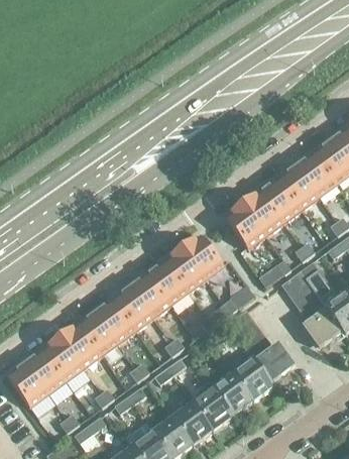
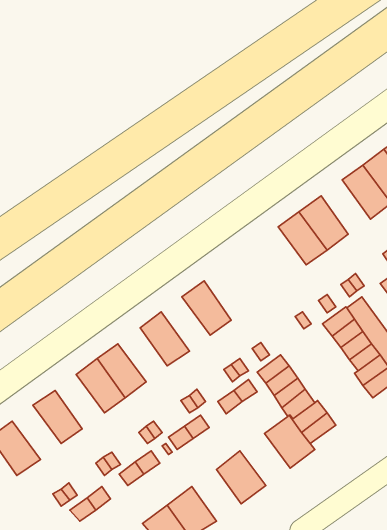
building: [278,164,319,209] -> none
building: [225,203,266,248] -> none
building: [183,234,224,279] -> none
building: [147,260,188,305] -> none
building: [112,285,152,330] -> none
building: [61,324,101,368] -> none
building: [25,349,66,393] -> none
building: [212,372,253,415] -> none
building: [172,401,213,444] -> none

